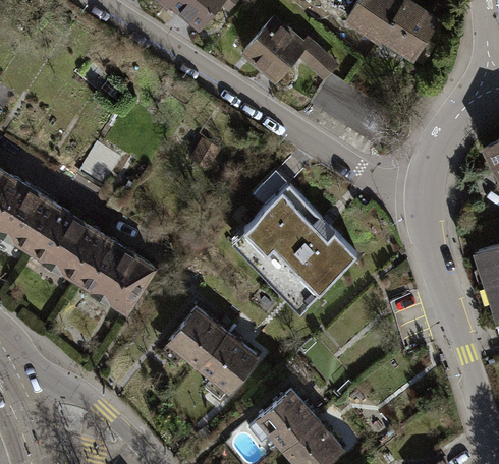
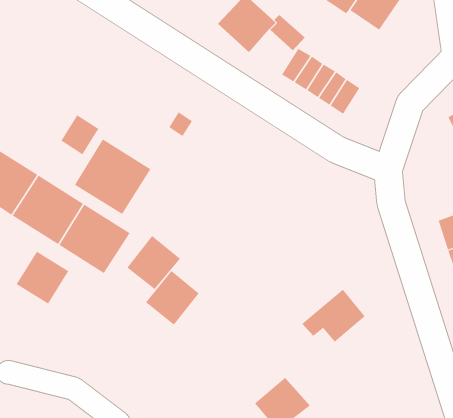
building: none -> [74,139,151,215]
building: [243,186,356,302] -> none
building: none -> [16,251,69,305]
building: [199,332,256,389] -> [126,235,181,290]
building: [247,391,315,447] -> [301,289,366,342]

